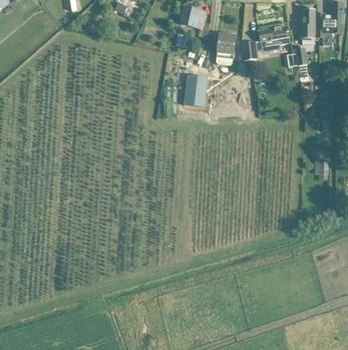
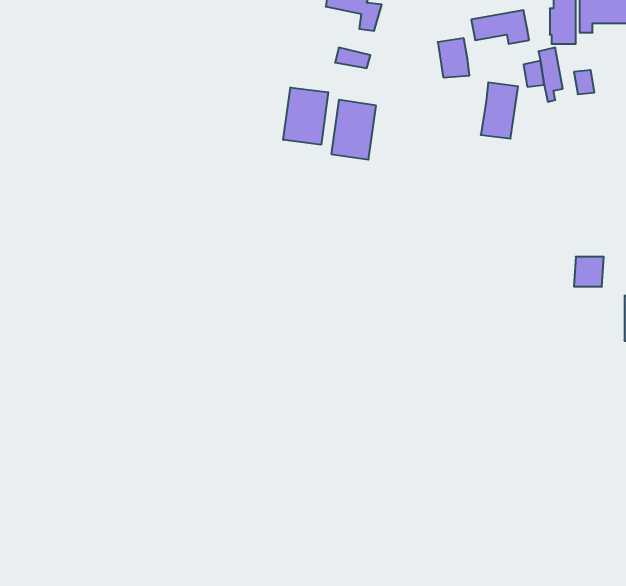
building: [216,33,236,63] -> [481,83,518,139]
building: none -> [283,87,328,145]

